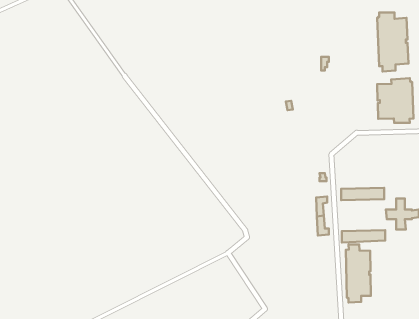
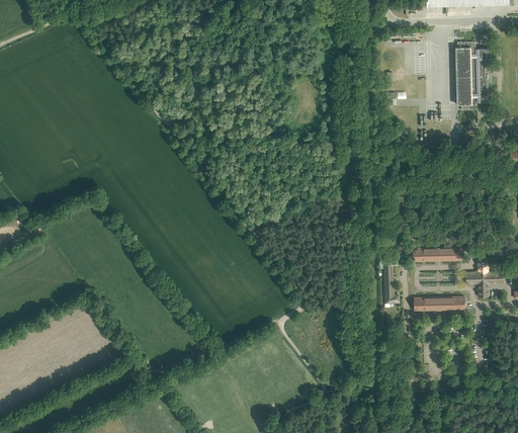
building: [377,78,414,123] -> none
building: [346,244,371,303] -> none

